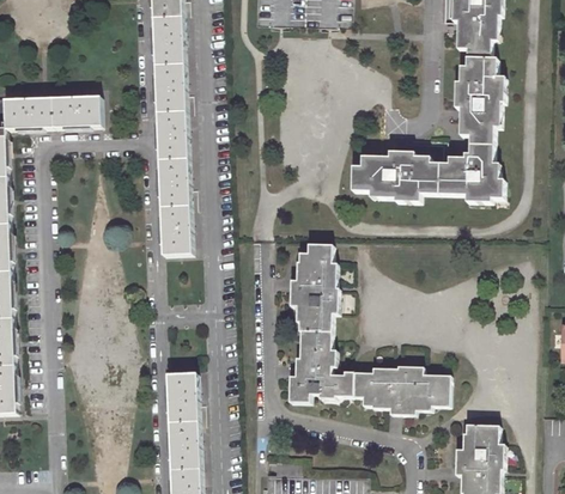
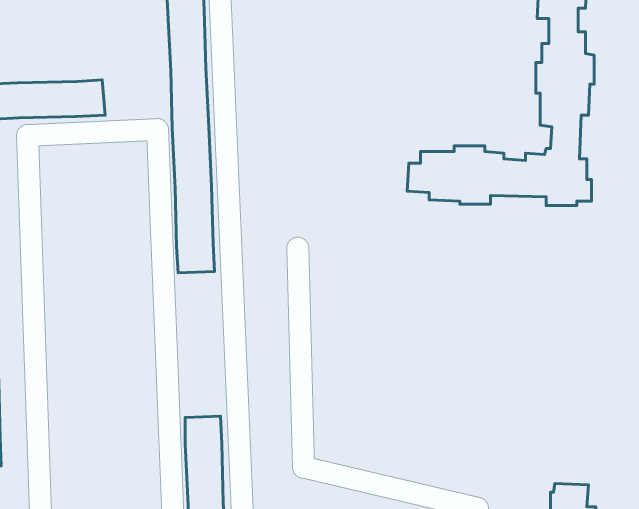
building: [288,244,449,414] -> none

